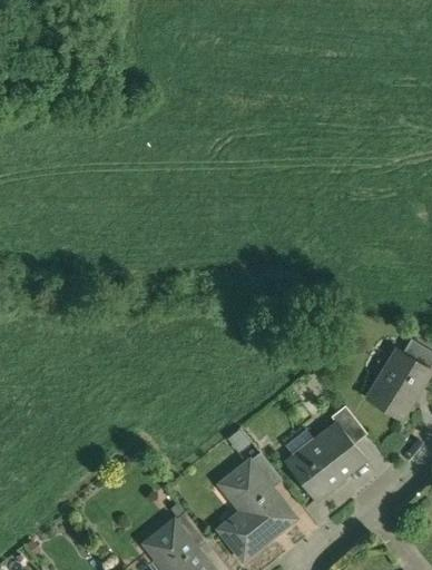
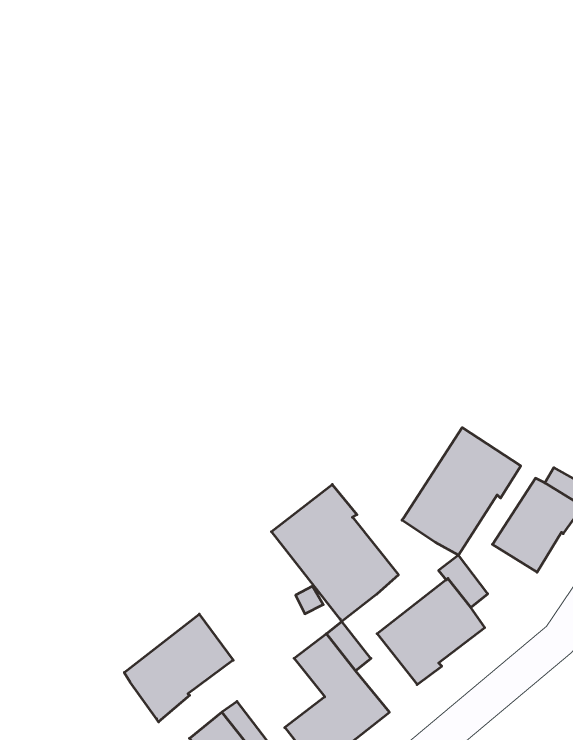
building: none -> [402,428,521,555]
building: none -> [271,484,398,621]
building: none -> [124,614,233,722]

